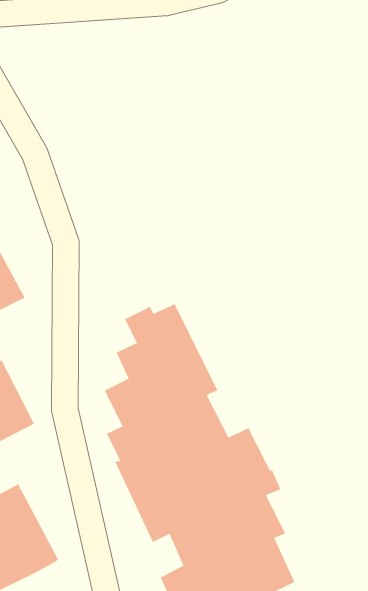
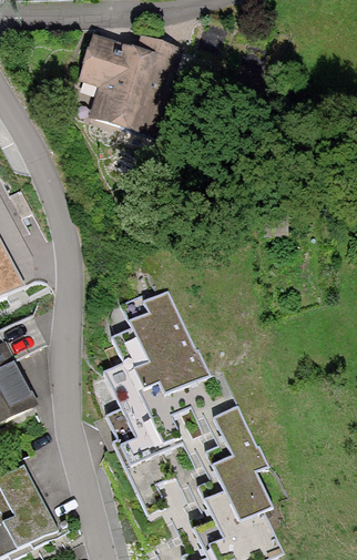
building: none -> [79,33,185,134]

